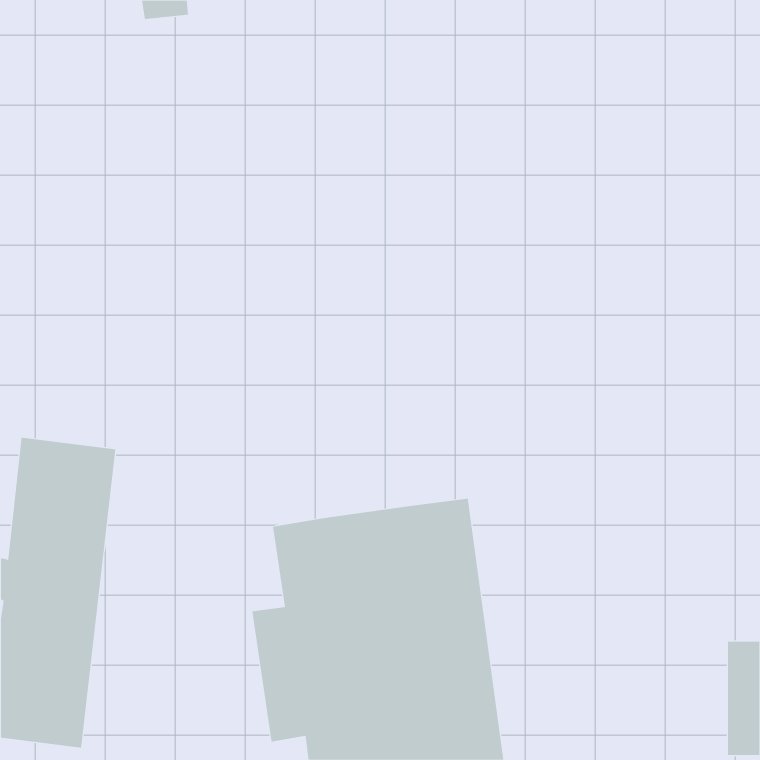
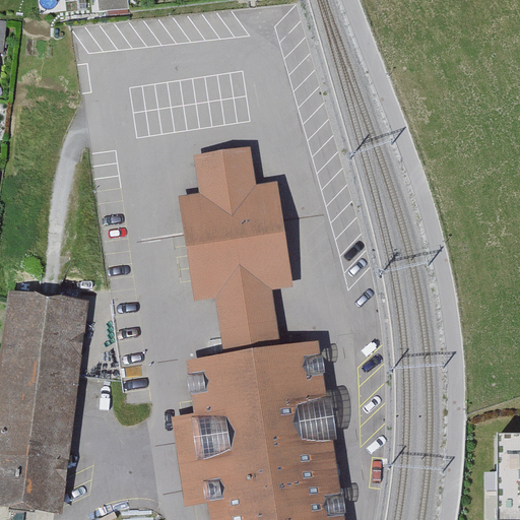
building: none -> [178,147,292,353]

